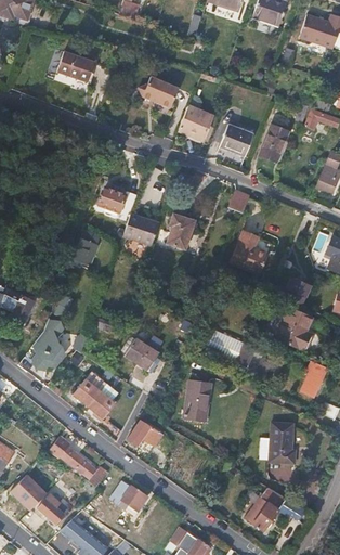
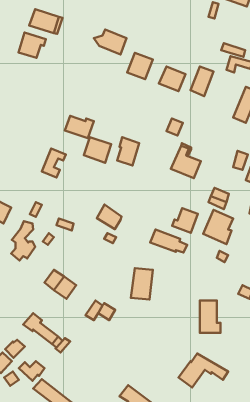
building: none -> [18,33,46,58]
building: none -> [172,208,198,233]
building: [125,337,156,369] -> [97,204,122,229]
building: [301,360,327,397] -> none
building: [110,480,148,512] -> none

